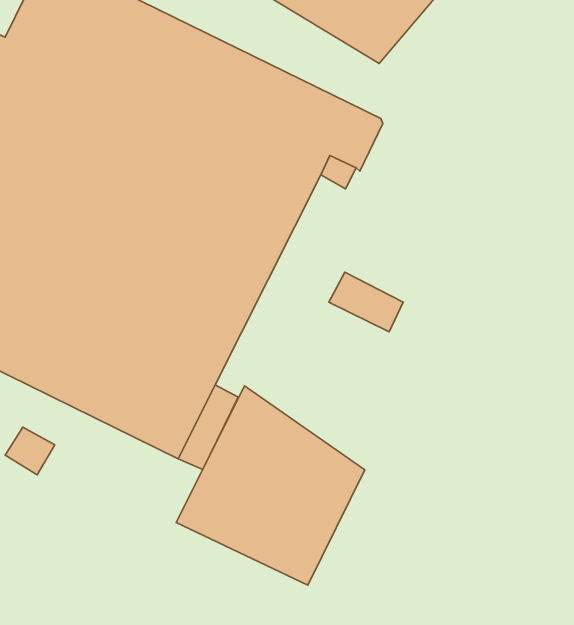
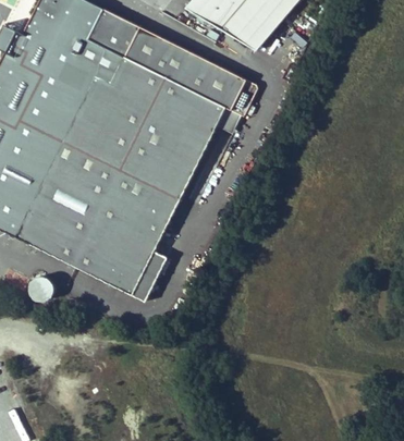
building: [329,272,403,332] -> none
building: [176,386,365,585] -> none

